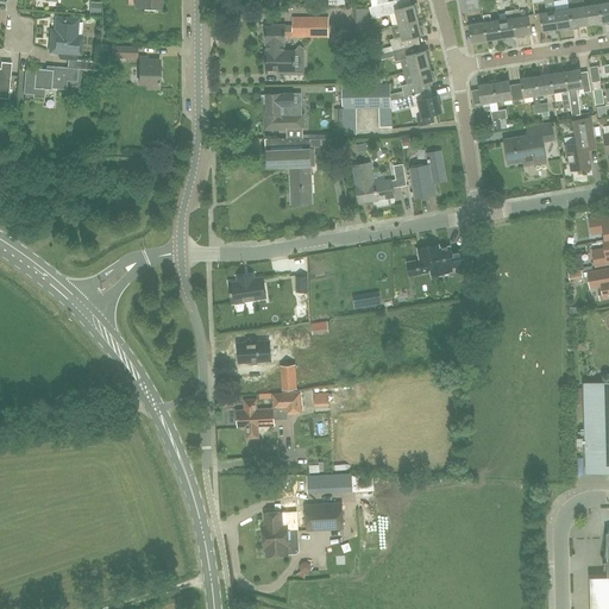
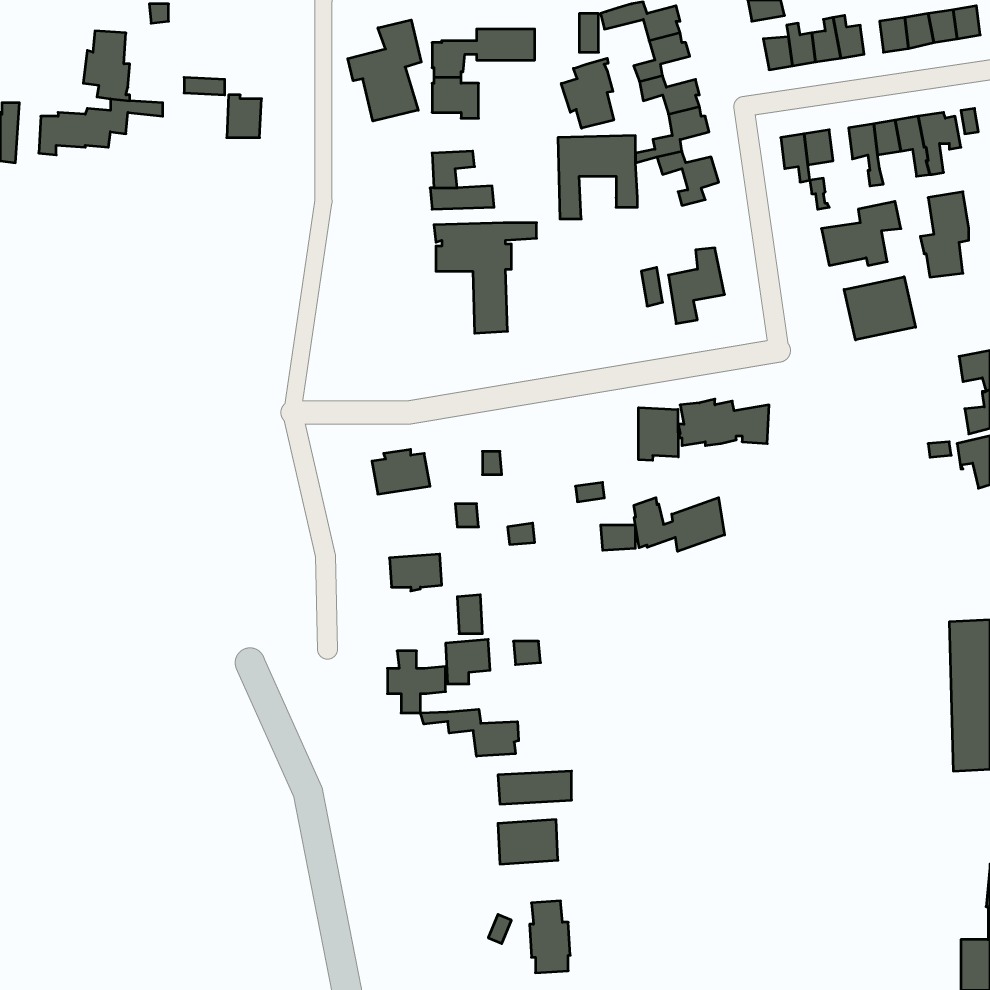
building: none -> [348,20,421,121]
building: none -> [561,58,614,128]
building: [353,163,394,203] -> none
building: none -> [844,277,916,340]
building: none -> [639,408,678,460]
building: none -> [634,498,725,551]
building: none -> [420,709,519,756]
building: [263,513,288,557] -> [530,901,570,973]

